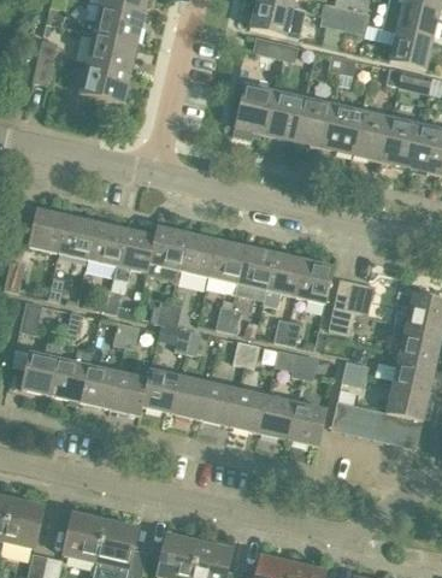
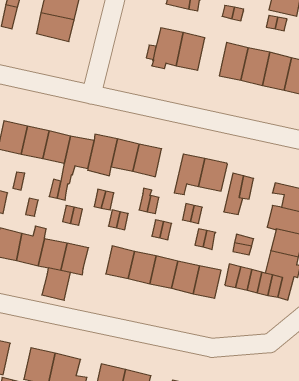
building: [294,96,332,147] -> none
building: [234,244,275,303] -> none
building: [141,368,179,412] -> [42,268,71,300]

